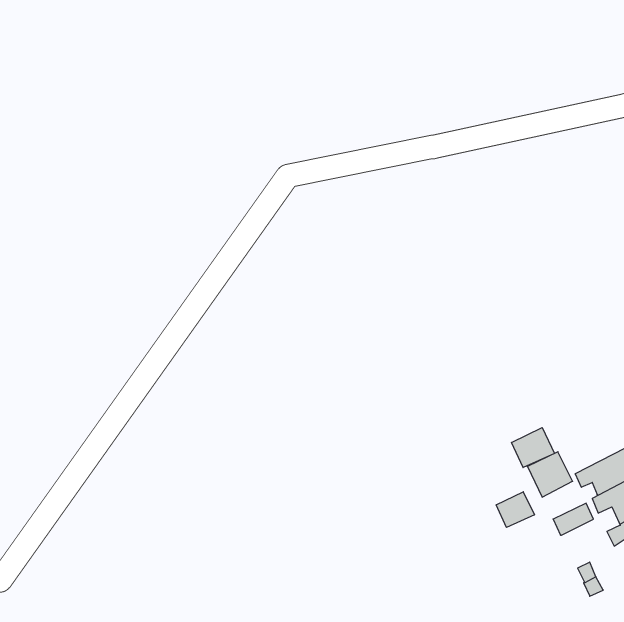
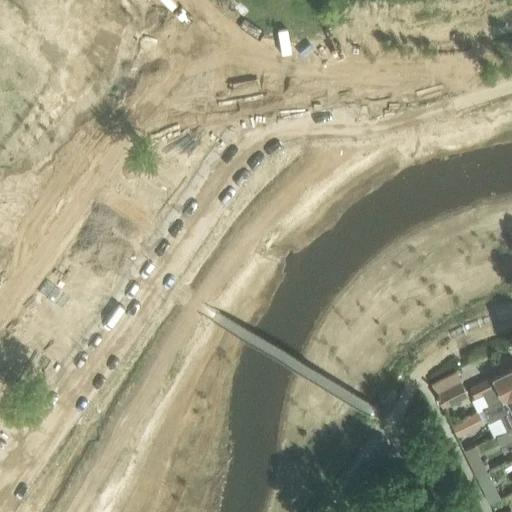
building: [512,428,554,468] -> none
building: [496,492,534,527] -> none

